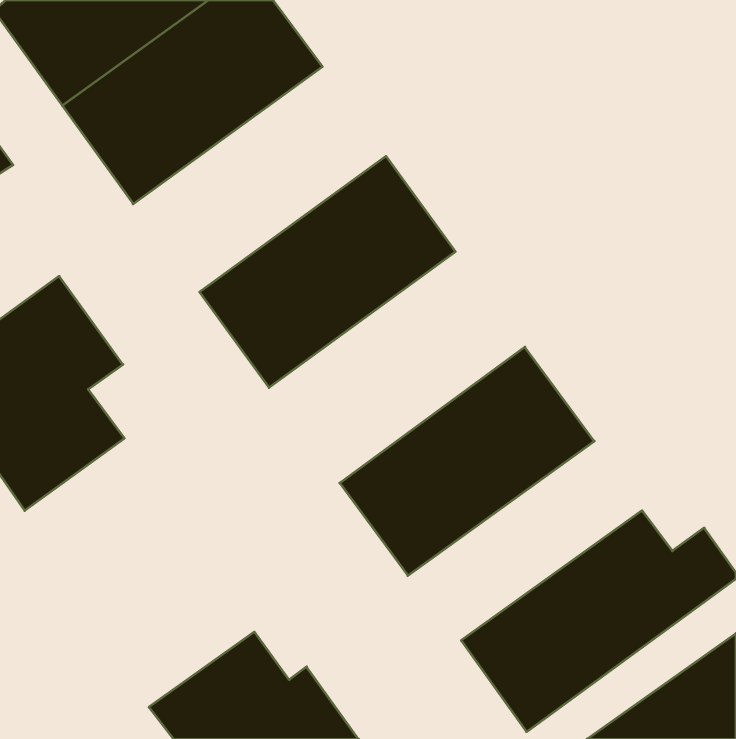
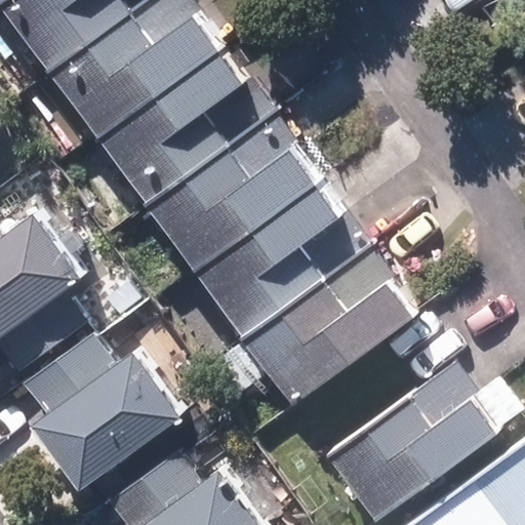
building: none -> [94,47,274,207]
building: none -> [191,178,372,342]
building: none -> [27,325,192,476]

